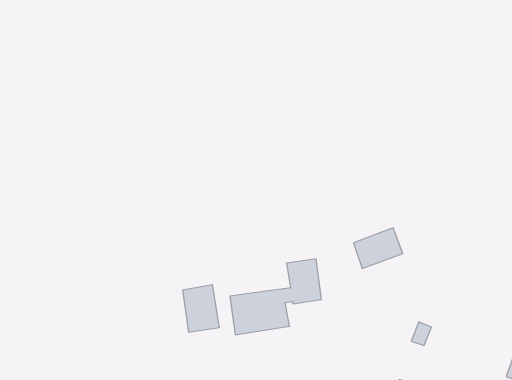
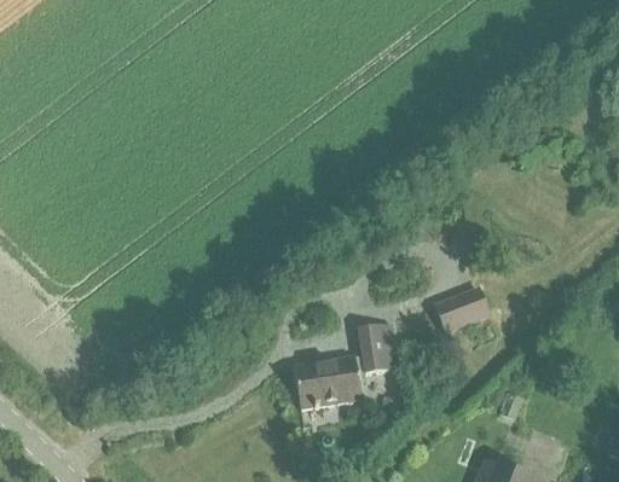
building: [183,284,219,332] -> none

